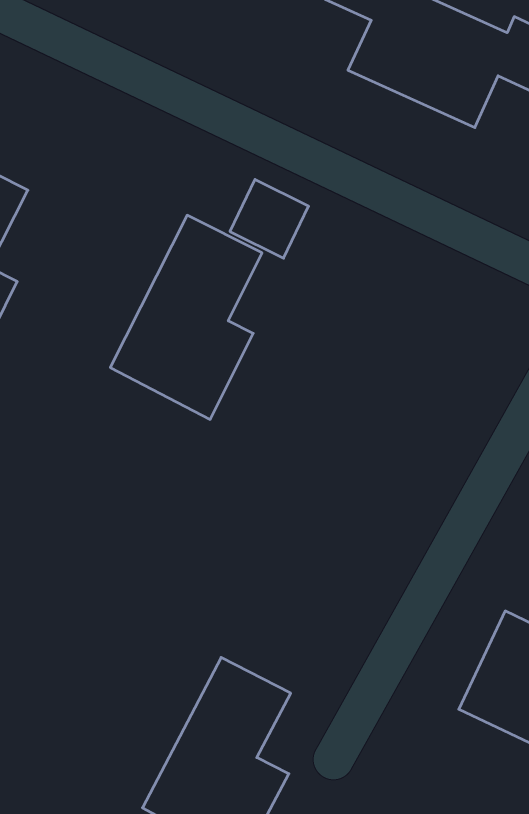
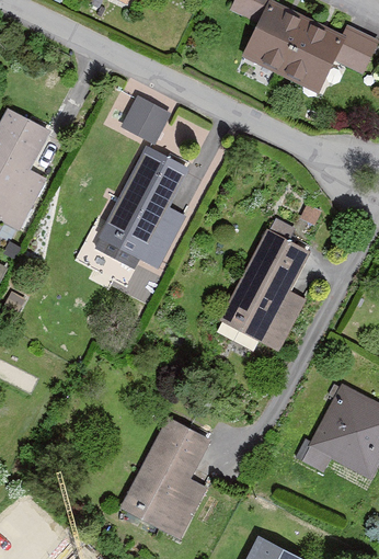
building: [230,179,309,258] -> [120,95,169,144]
building: none -> [218,228,310,353]

